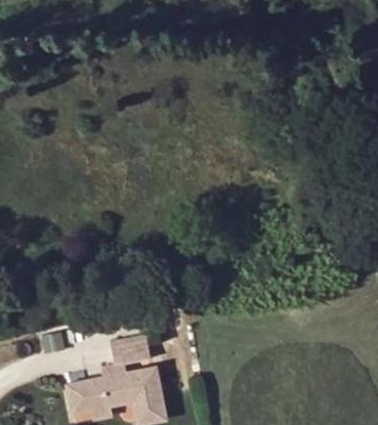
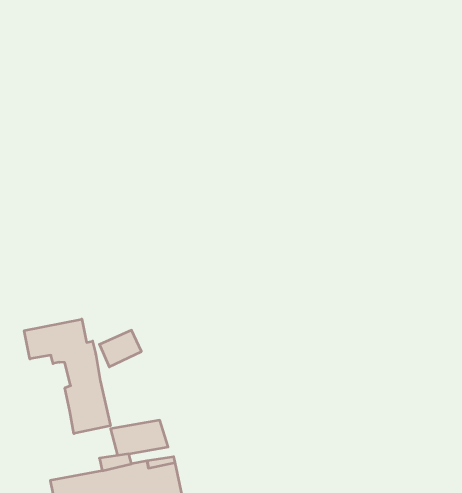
building: none -> [24,319,110,434]

